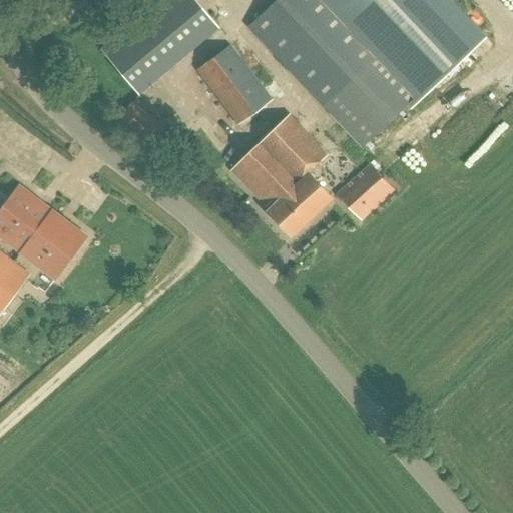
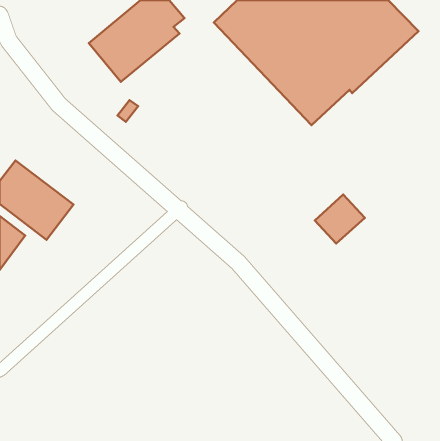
building: [195,44,272,126] -> none
building: [228,114,332,237] -> none
building: [335,164,393,221] -> [315,194,365,244]

